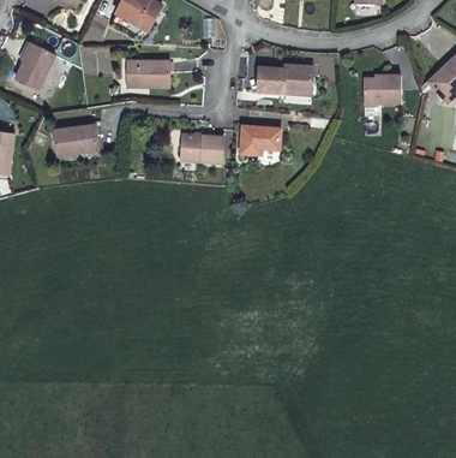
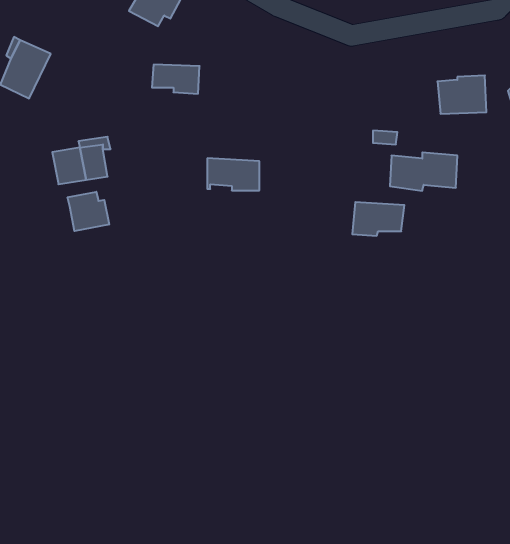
building: [258,61,311,91] -> [390,152,457,191]
building: [238,124,278,150] -> [352,202,404,236]
building: none -> [68,192,109,231]

